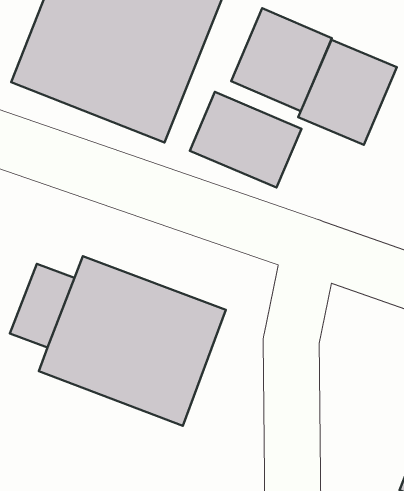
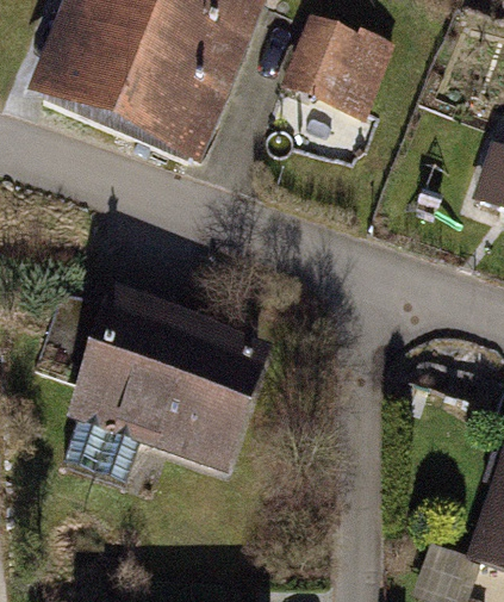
building: [298,40,397,145] -> none
building: [190,92,301,188] -> none

